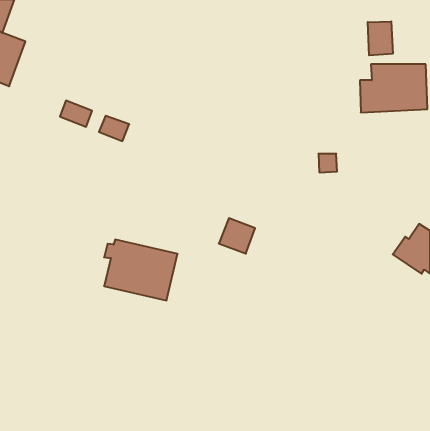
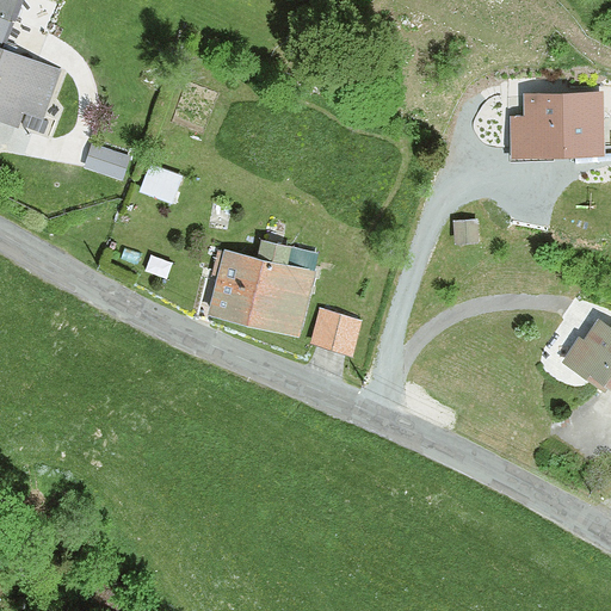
building: [368,21,393,55] -> none
building: none -> [13,58,61,131]
building: [104,240,178,300] -> [211,249,315,335]

